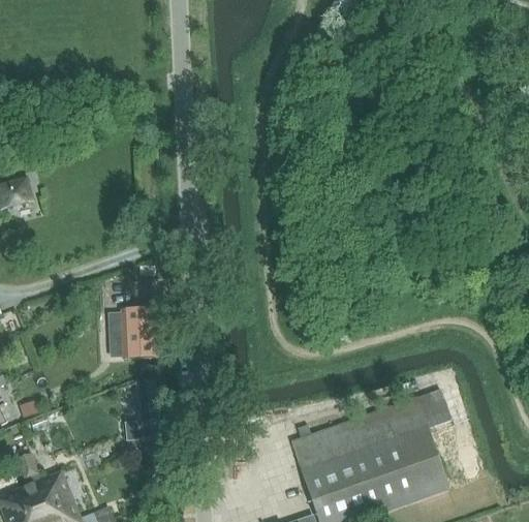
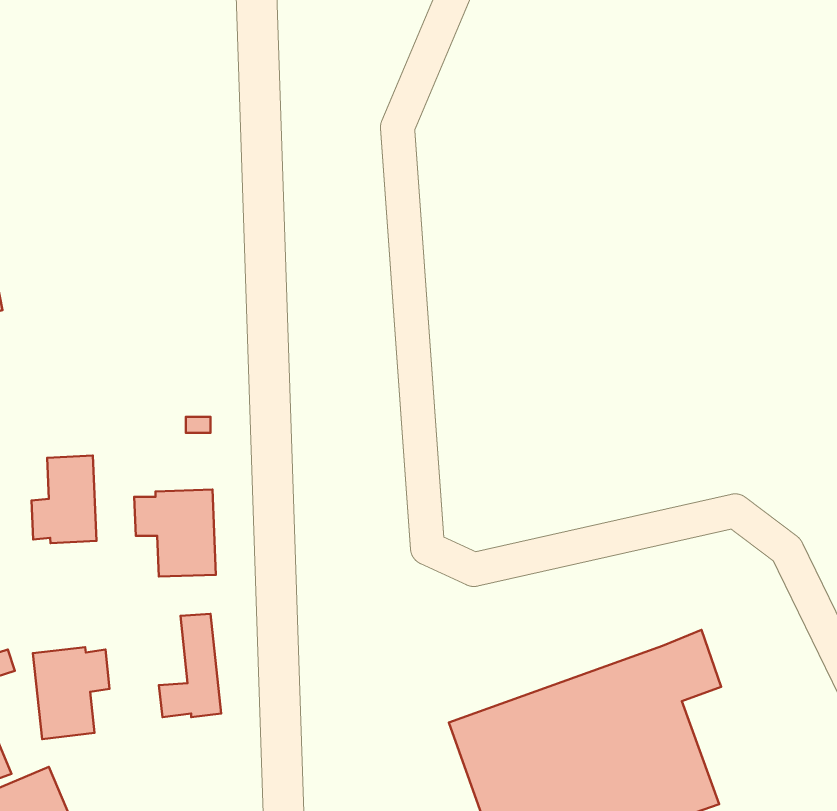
building: none -> [32,455,96,543]
building: none -> [33,647,110,739]

